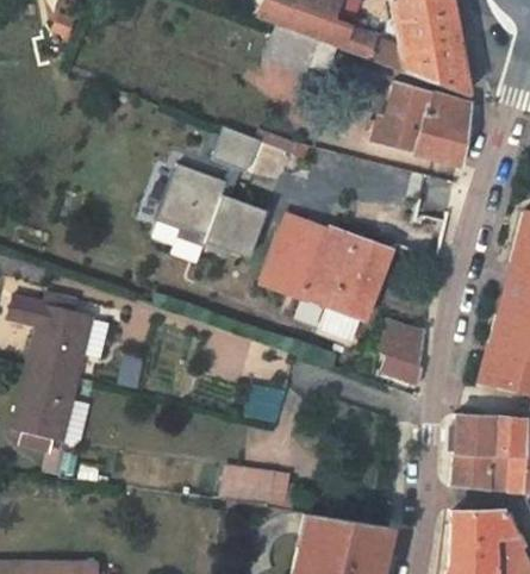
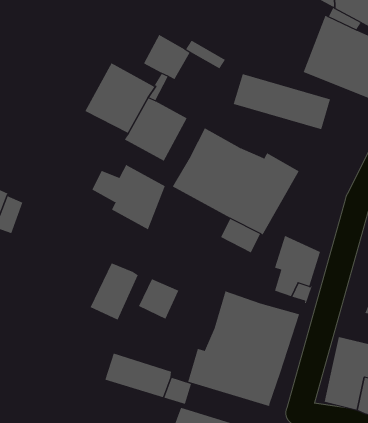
building: none -> [92,164,166,230]
building: none -> [90,262,139,320]
building: none -> [188,291,300,407]

